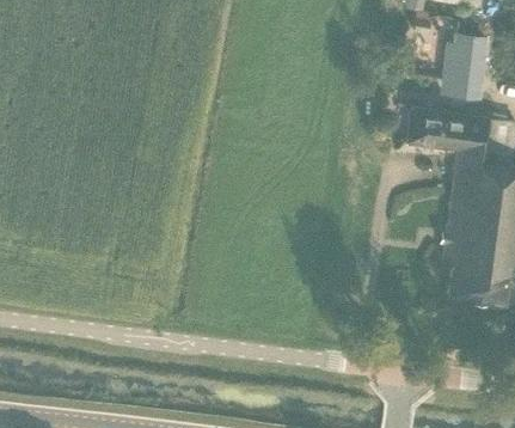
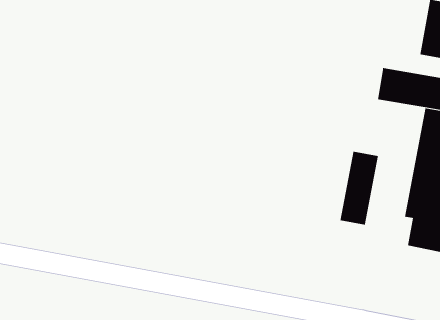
building: none -> [340,151,378,226]

